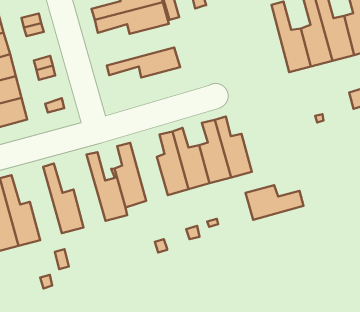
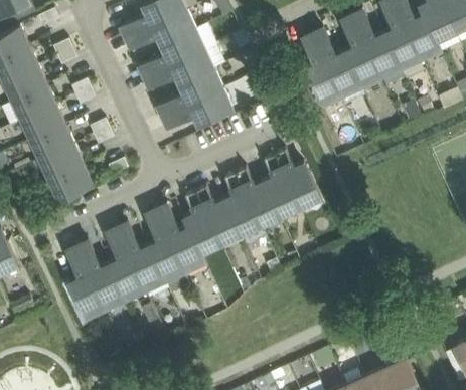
building: none -> [301,34,339,106]
building: none -> [155,69,223,120]
building: none -> [196,186,242,244]
building: none -> [144,209,185,280]
building: none -> [105,228,145,300]
building: [245,185,304,220] -> none

